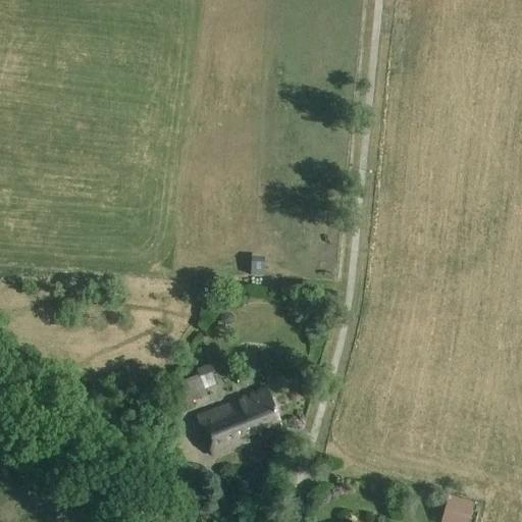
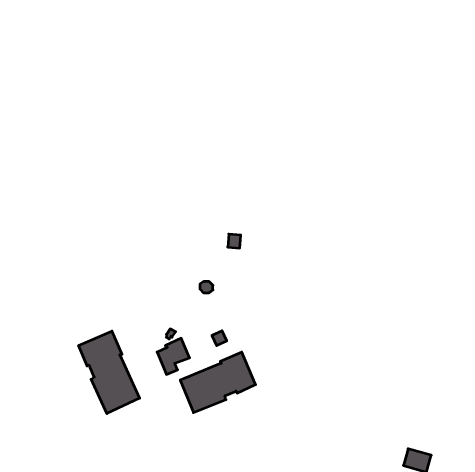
building: none -> [79,331,140,414]

